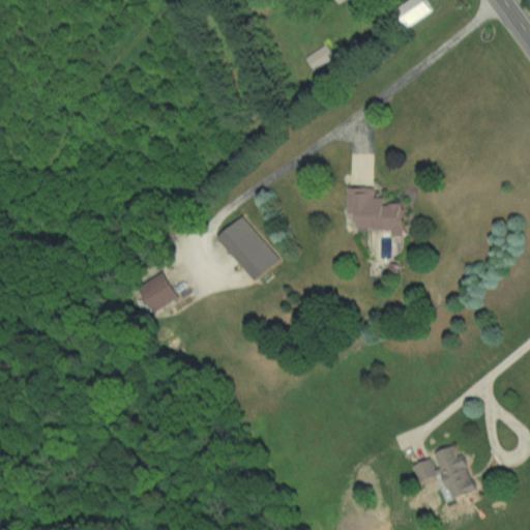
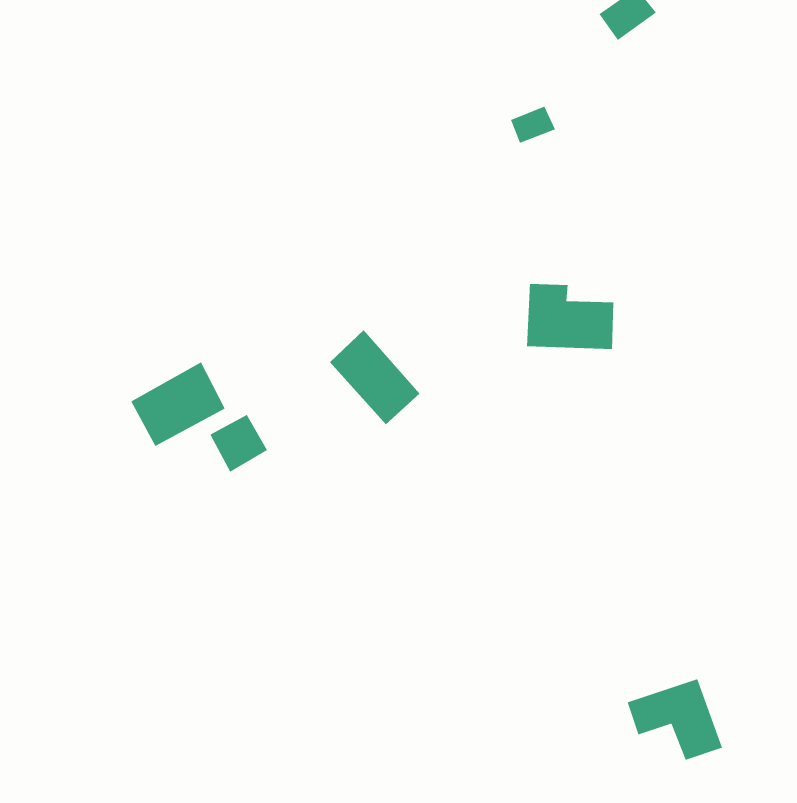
building: [303,45,333,69] -> [510,106,556,144]
building: none -> [130,361,225,447]

